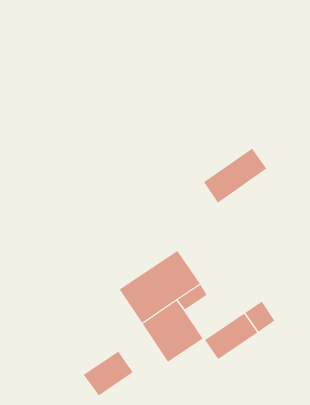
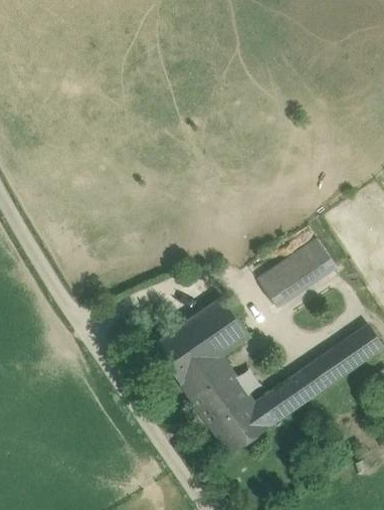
building: [203,148,267,203] -> [258,240,334,306]
building: none -> [323,332,373,379]
building: [83,351,133,396] -> [211,400,270,454]

